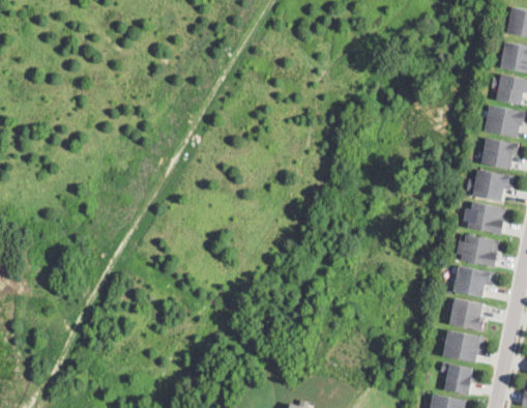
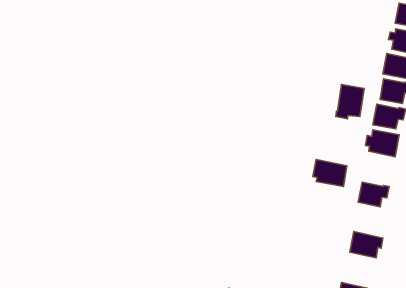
building: none -> [336,85,364,119]
building: [456,232,498,266] -> [313,159,347,186]
building: [449,297,485,330] -> none
building: [442,361,475,395] -> none

